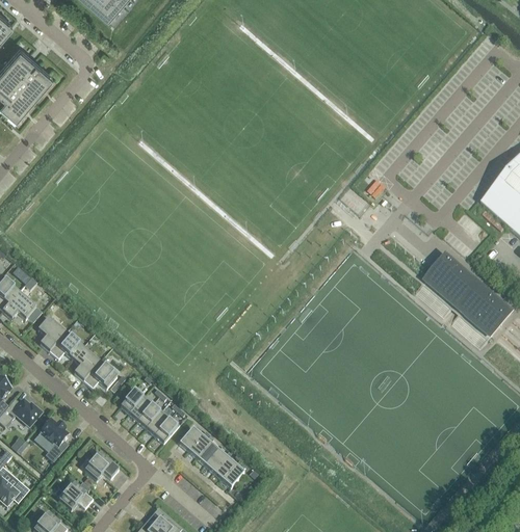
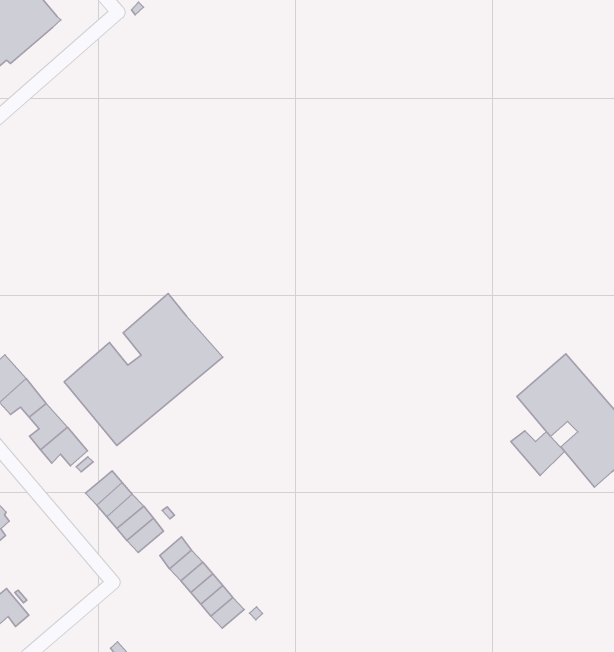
building: none -> [64,294,223,445]
building: none -> [511,431,564,475]
building: [85,451,120,479] -> none

